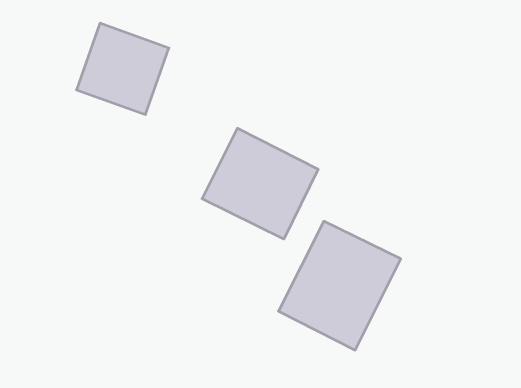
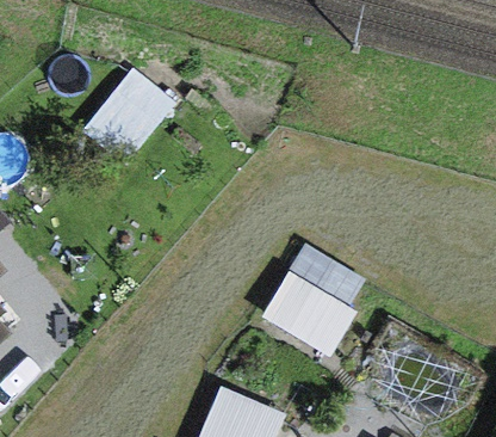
building: [202,128,318,239] -> none

